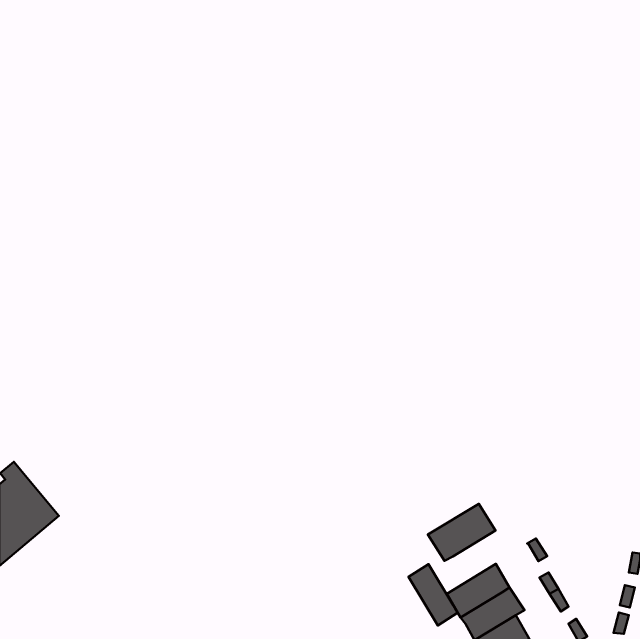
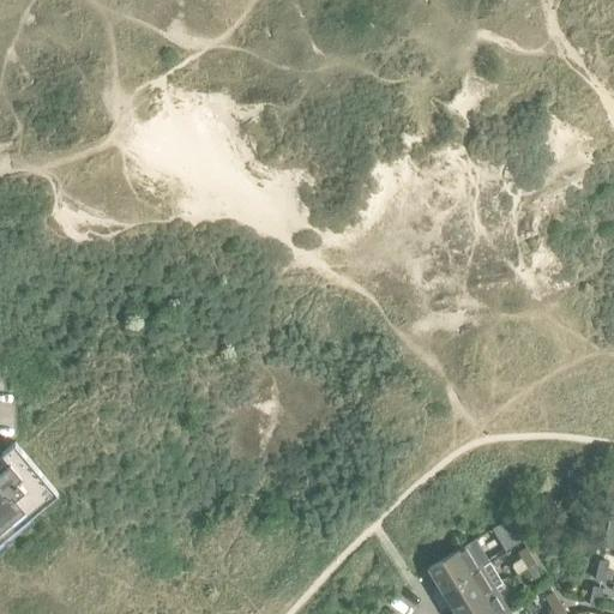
building: [428,504,495,561] -> none
building: [409,564,458,626] -> none

